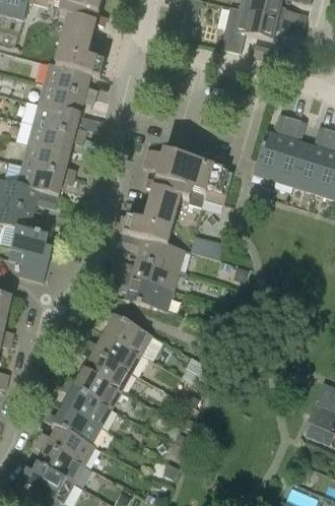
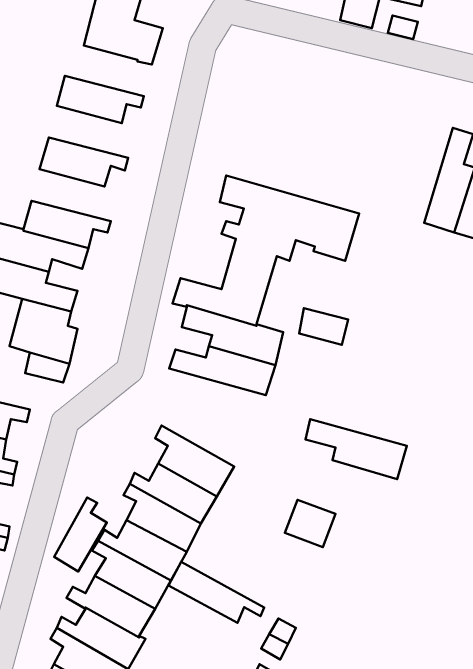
building: [44,63,96,98] -> none
building: [34,104,86,137] -> none
building: [253,114,292,179] -> none
building: [22,144,75,178] -> none
building: [108,272,173,311] -> [306,419,407,479]
building: none -> [54,497,107,571]
building: none -> [168,562,264,623]

